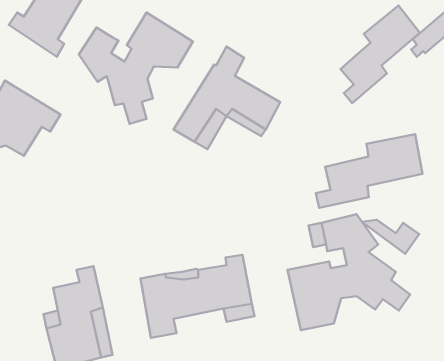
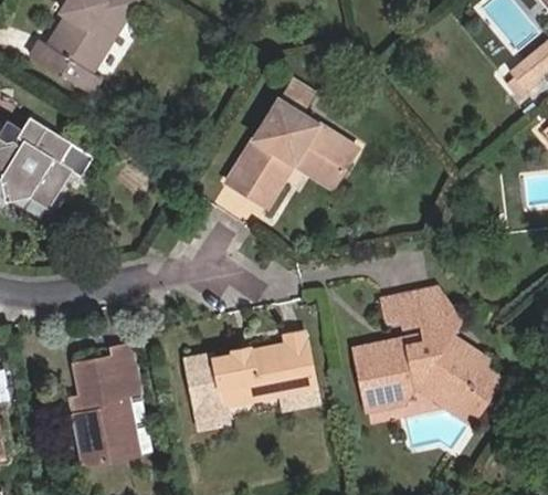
building: [340,6,420,103] -> none
building: [79,12,193,124] -> none
building: [316,134,422,208] -> none
building: [362,220,419,254] -> [420,379,487,419]

